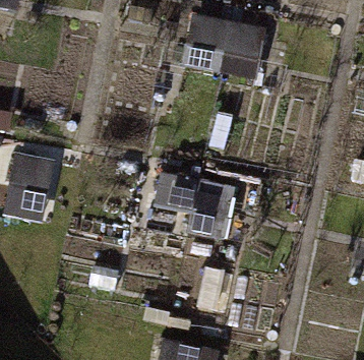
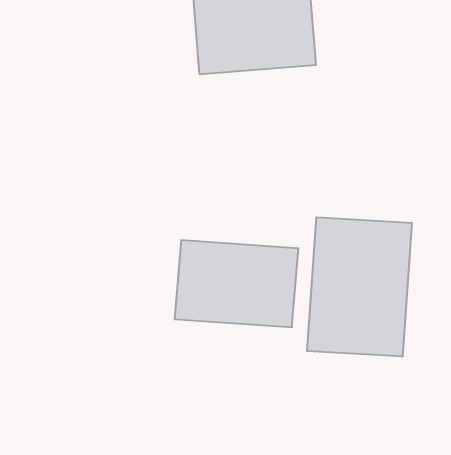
building: none -> [307,217,412,357]

